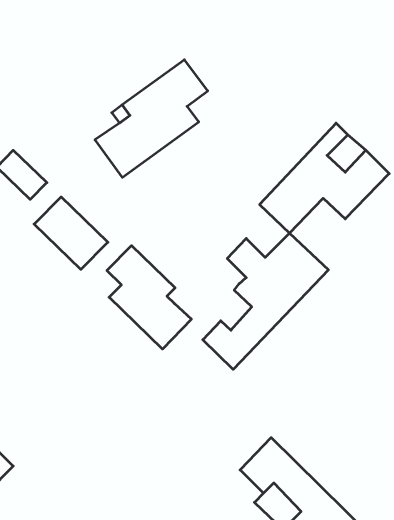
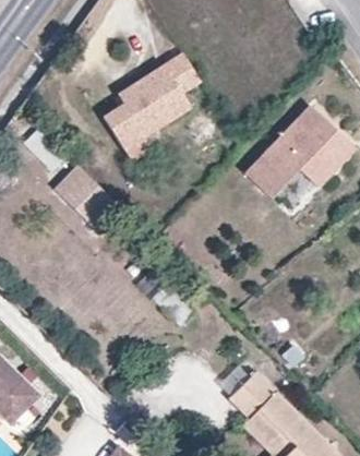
building: [203,233,328,369] -> none
building: [107,246,191,349] -> none

